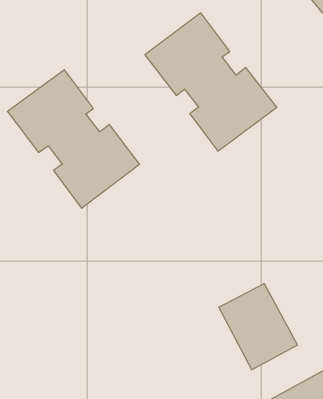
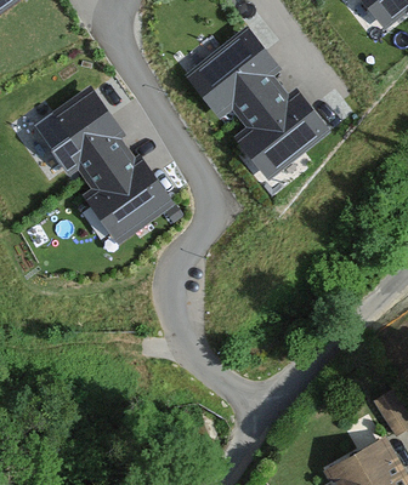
building: [219,283,297,370] -> none

